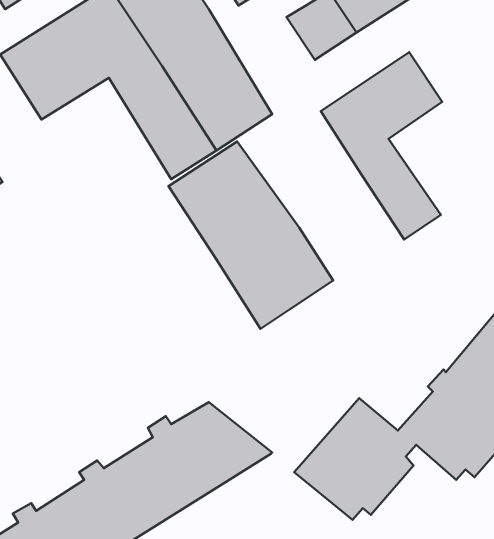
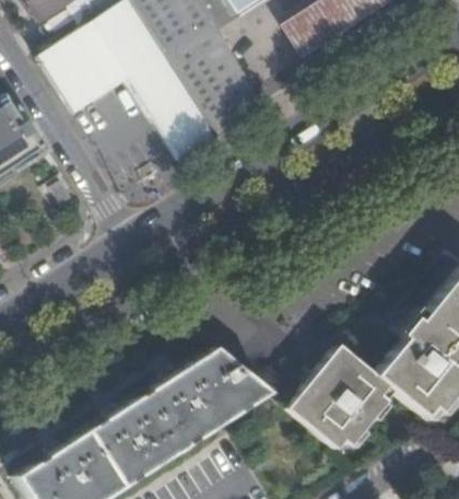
building: [321,52,442,239] -> none
building: [168,141,333,329] -> none

